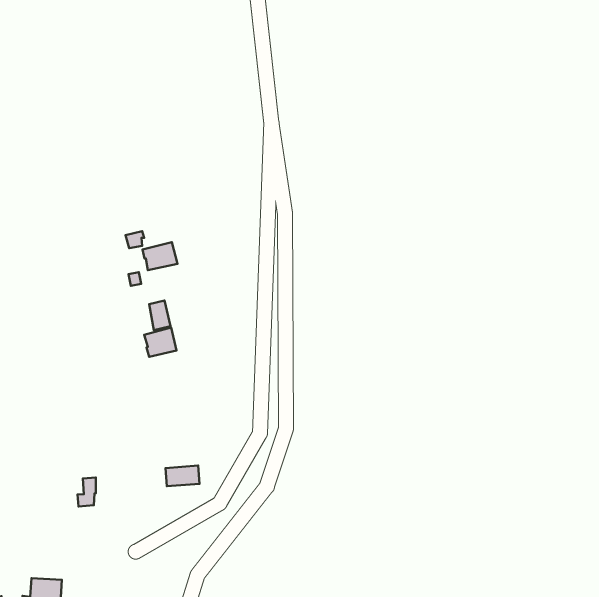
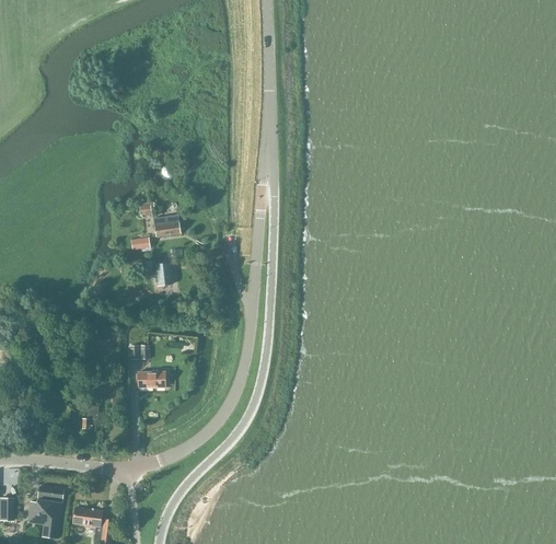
building: [144,327,176,357] -> none
building: [166,466,200,486] -> [138,372,165,387]

